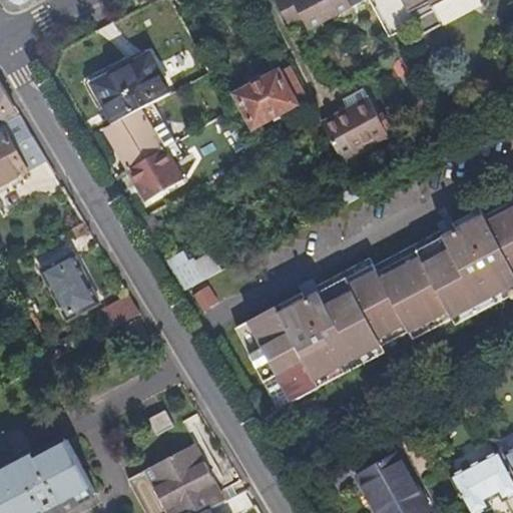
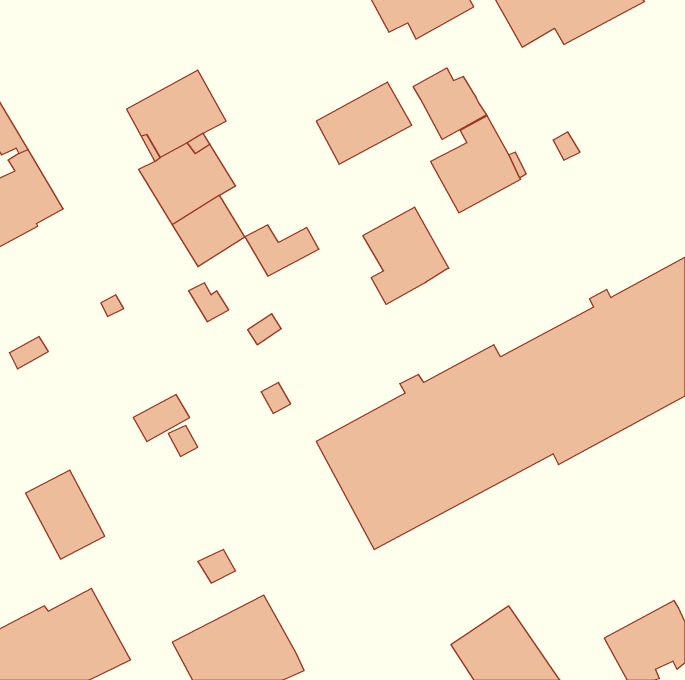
building: none -> [413,68,487,139]
building: none -> [363,207,449,304]
building: [166,250,221,289] -> [245,225,319,276]
building: [41,251,100,318] -> [25,470,105,559]

